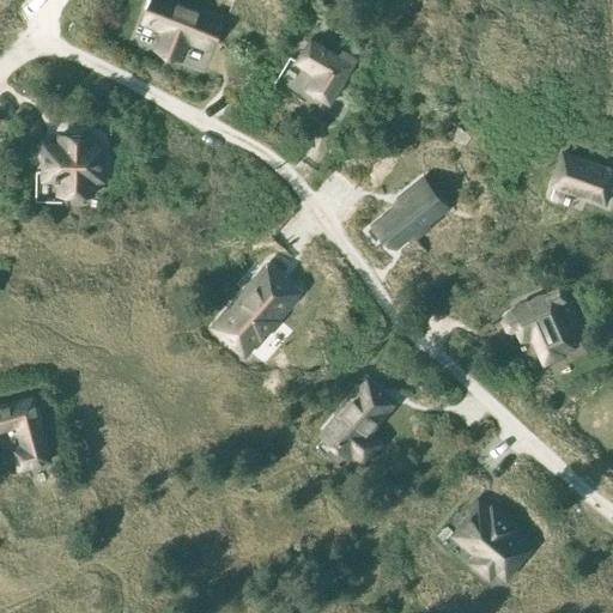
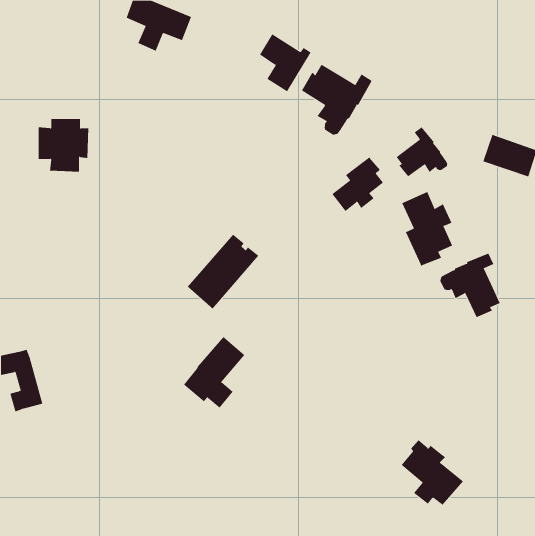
building: none -> [301,64,373,135]
building: none -> [396,126,448,177]
building: none -> [401,191,453,269]
building: [322,381,393,463] -> [183,336,245,409]

